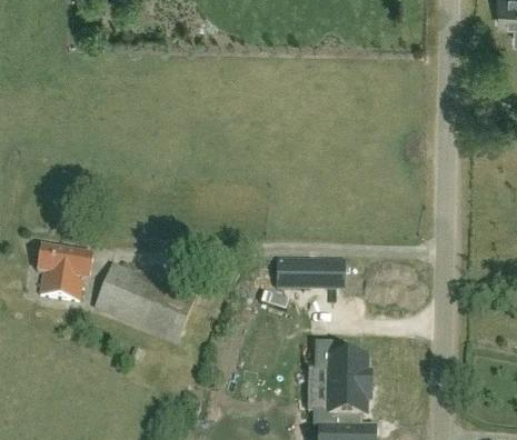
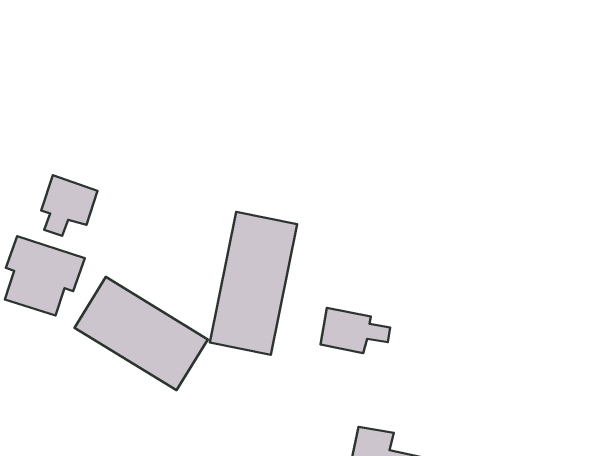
building: none -> [41,175,98,236]
building: none -> [210,212,297,355]

